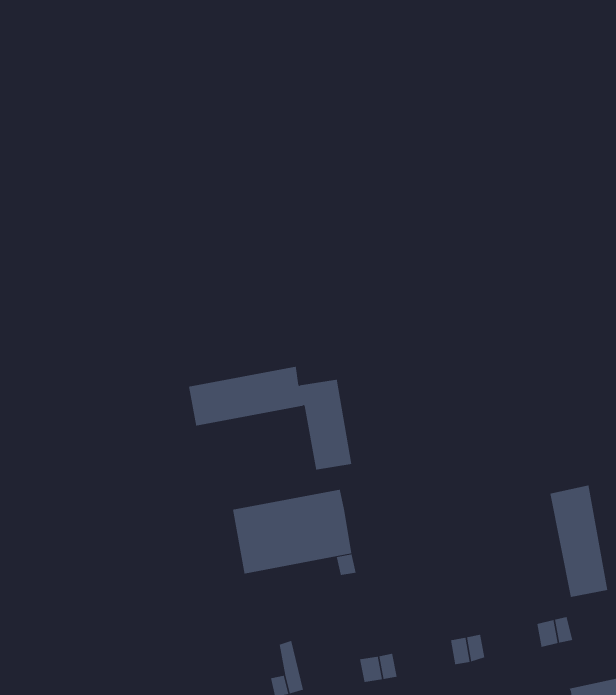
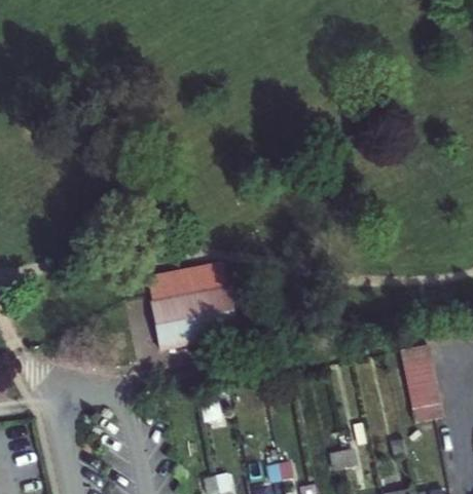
building: [232,489,352,574] -> [151,288,235,347]

